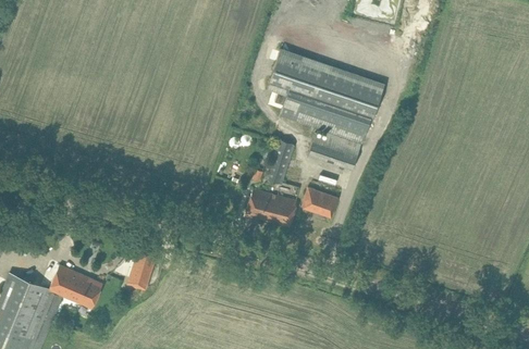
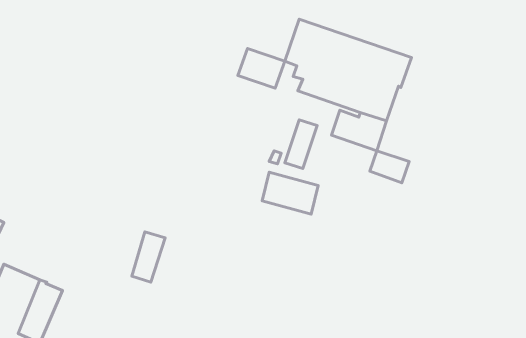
building: none -> [238,48,285,88]
building: [303,187,339,216] -> [370,151,409,183]
building: [49,264,103,308] -> none

